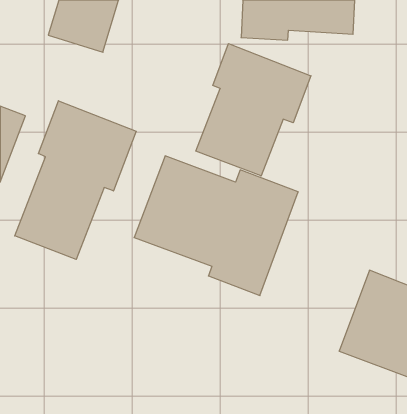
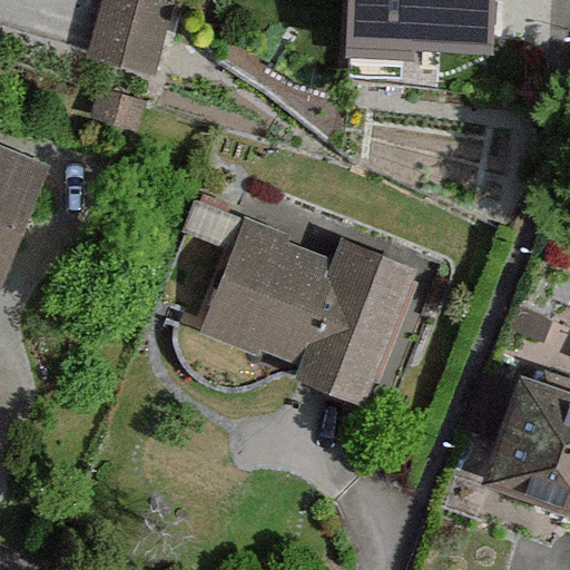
building: [196,44,311,176] -> none
building: [15,101,136,259] -> none

